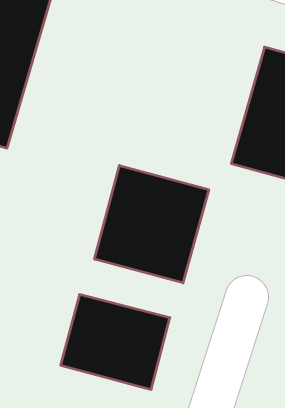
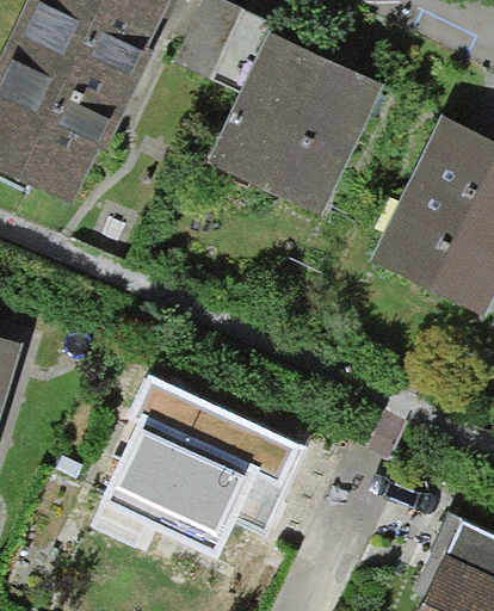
building: none -> [215,39,379,214]
building: [95,165,209,283] -> none

